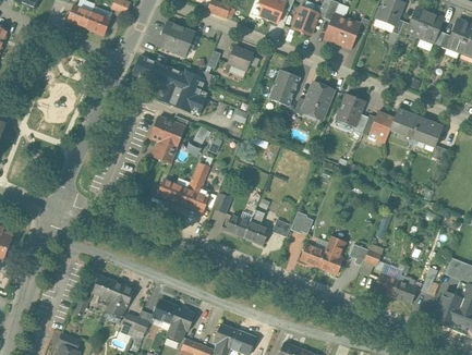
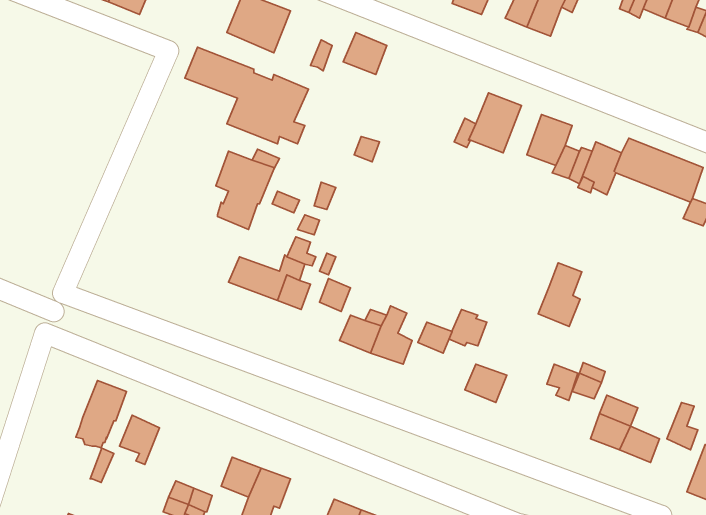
building: [268,70,300,106] -> none
building: [318,236,344,274] -> [538,263,582,326]
building: [104,282,134,322] -> [76,381,127,448]

